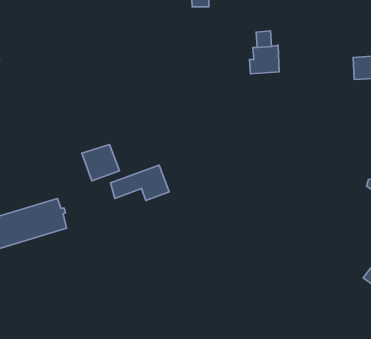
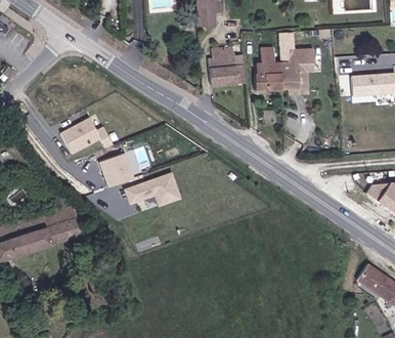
building: none -> [276,30,314,87]
building: none -> [210,52,236,88]
building: none -> [61,119,112,154]

